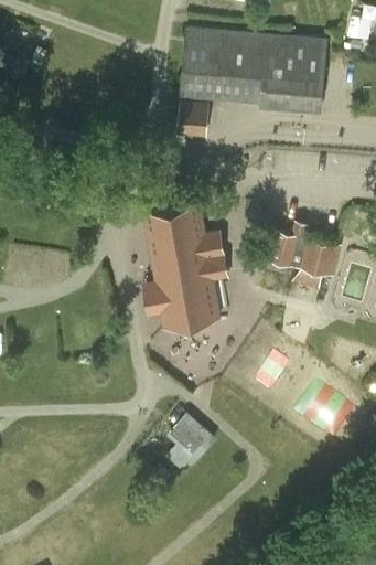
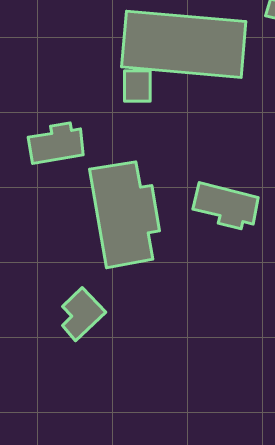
building: none -> [28,123,83,164]
building: [168,411,218,472] -> [62,288,106,341]

